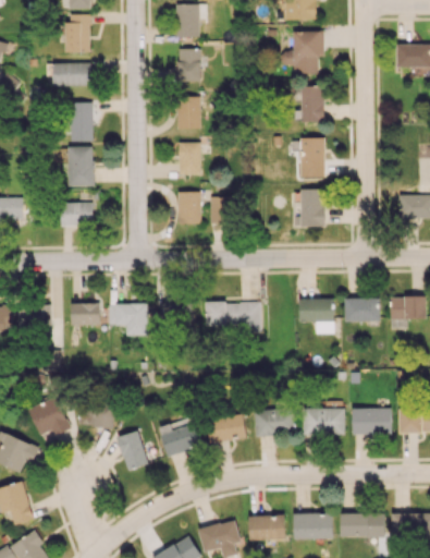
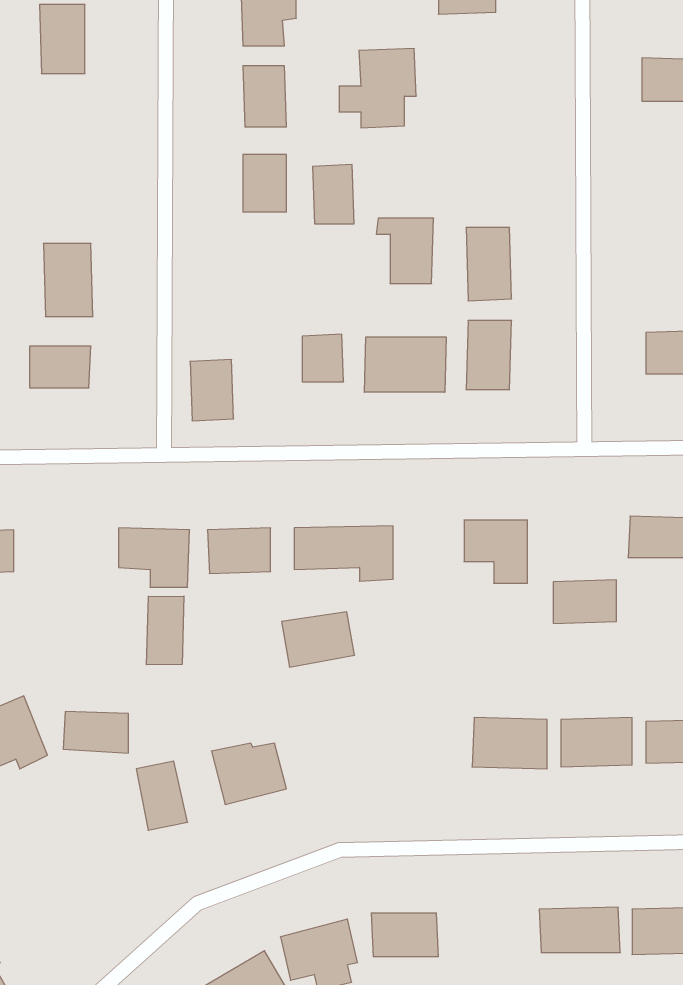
building: [282,31,324,74] -> [339,49,416,128]
building: [52,62,90,86] -> none
building: [294,86,325,122] -> [376,218,434,283]
building: [71,101,94,142] -> none
building: [179,142,201,174] -> [313,165,354,224]
building: [177,191,201,225] -> [190,360,234,421]
building: none -> [364,337,446,392]
building: [345,298,380,322] -> [553,580,616,623]
building: [72,303,101,325] -> none
building: none -> [146,596,184,665]
building: [255,408,295,434] -> none
building: [207,413,247,444] -> [282,612,355,667]
building: [294,512,333,539] -> none

